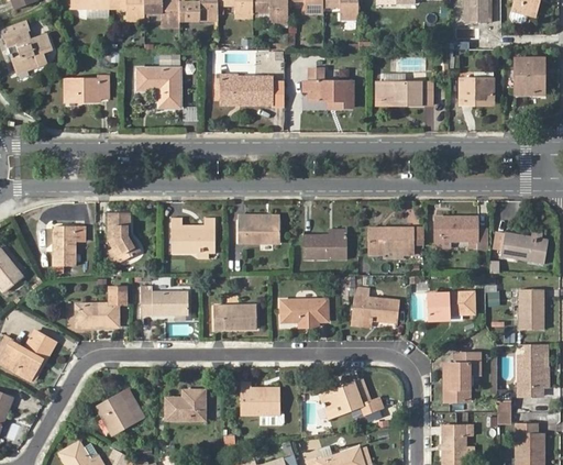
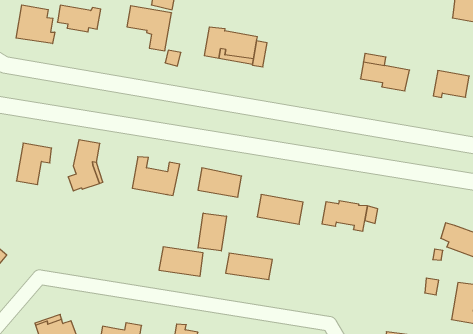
building: [308,70,352,109] -> none
building: none -> [16,5,55,44]
building: [435,218,488,250] -> none
building: none -> [198,213,226,251]
building: [141,287,189,314] -> none
building: [75,288,125,328] -> none
building: [352,288,398,325] -> none
building: [428,292,474,321] -> none

